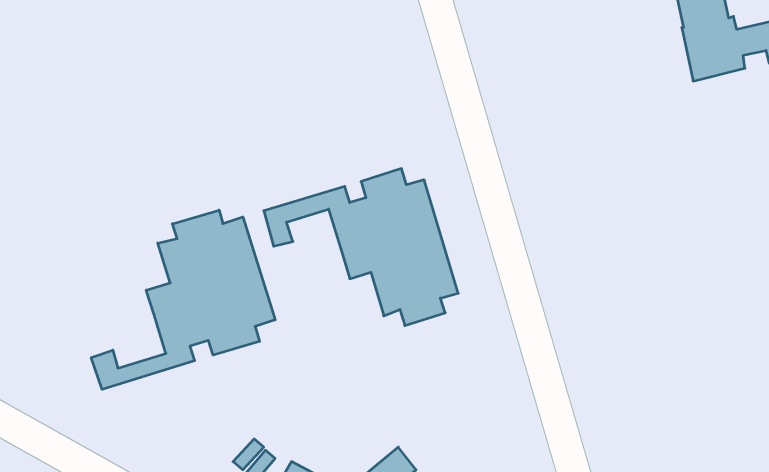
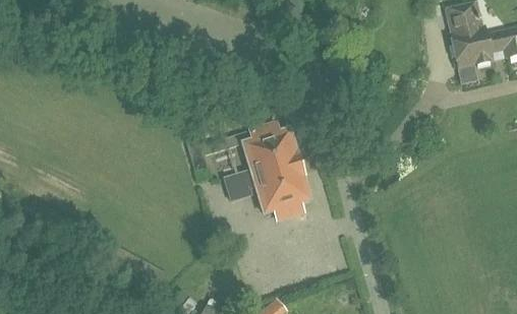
building: [91,210,275,389] -> none

